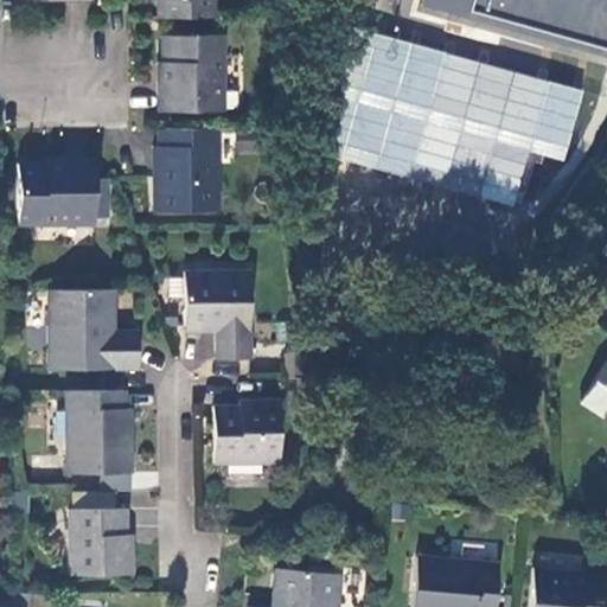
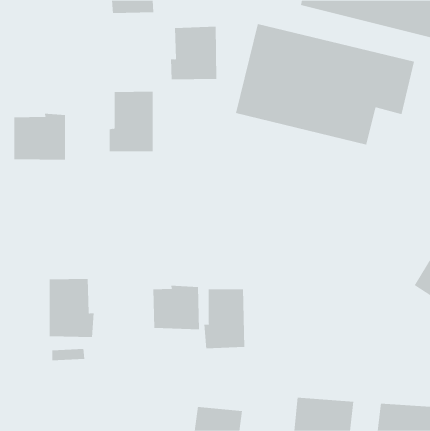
building: [158,36,224,111] -> [170,26,217,80]
building: [186,274,253,359] -> none
building: [51,290,141,372] -> none
building: none -> [204,289,245,349]
building: [69,509,133,576] -> none

